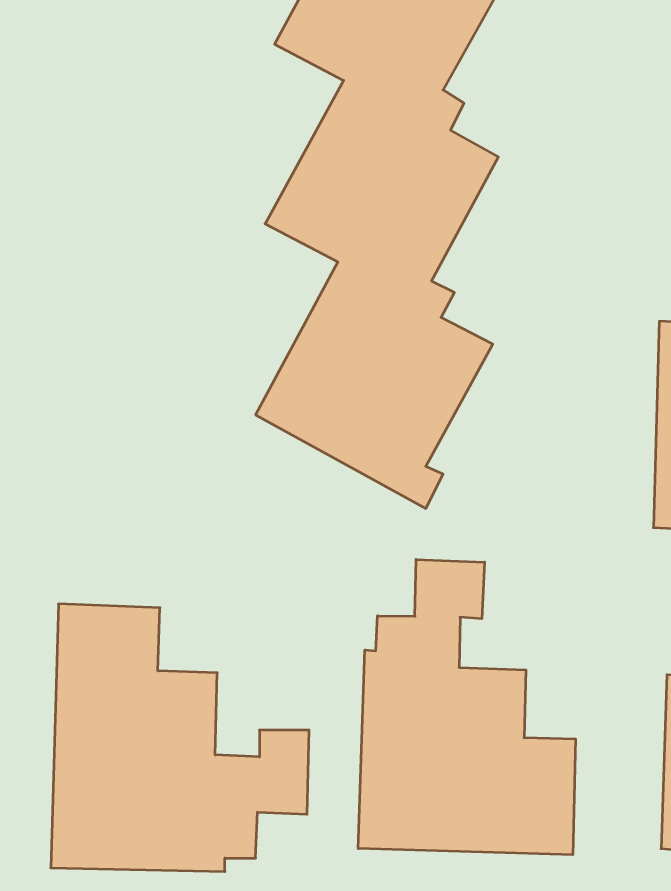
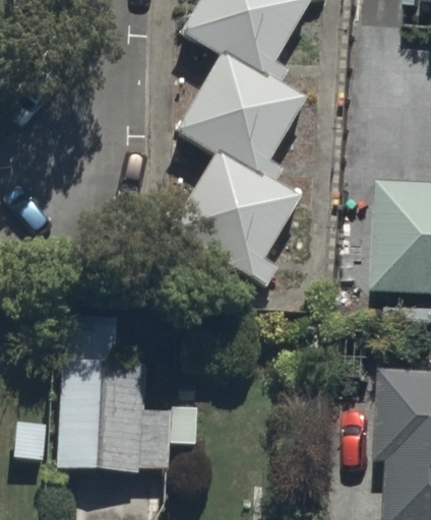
building: [358,559,575,855] -> none

